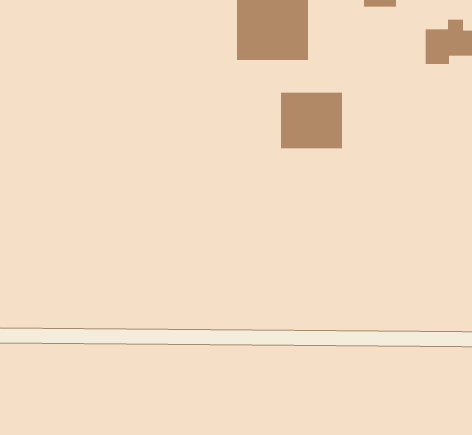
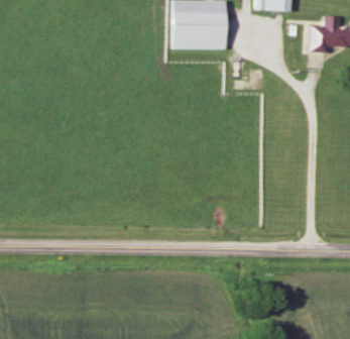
building: [280,92,343,149] -> none

